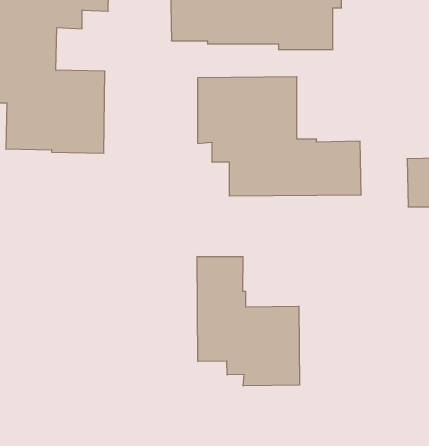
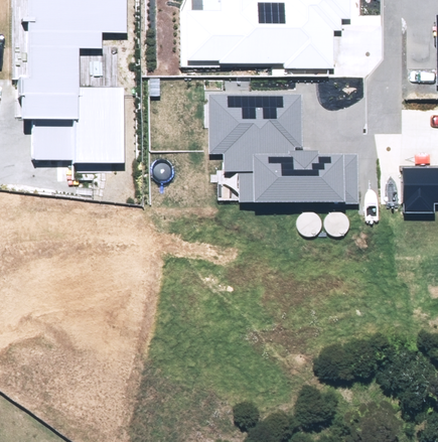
building: [197,256,299,386] -> none

